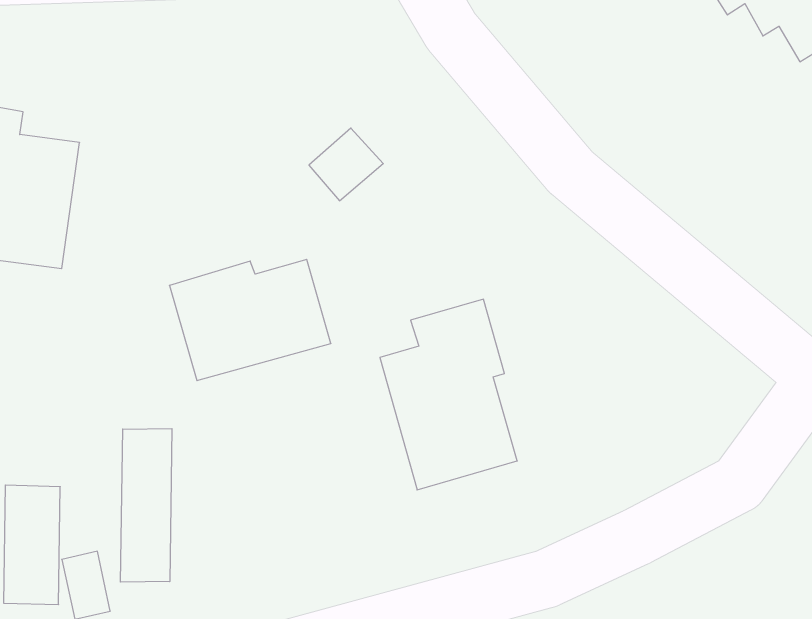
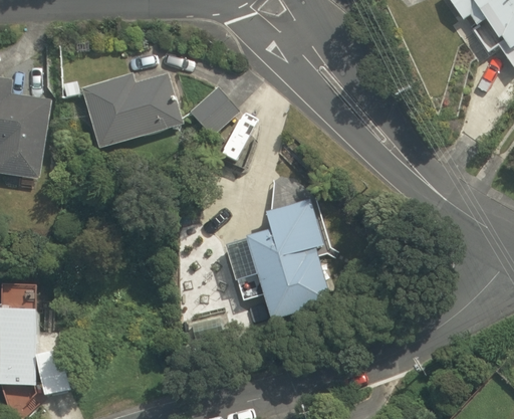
building: [169,259,331,381] -> [85,72,186,148]
building: [121,429,172,582] -> none

